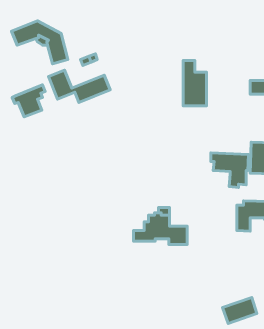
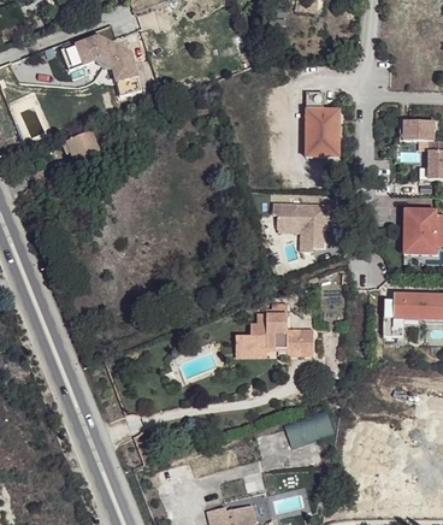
building: [49,70,110,103] -> none
building: [211,153,249,187] -> [273,202,327,252]
building: [222,298,257,324] -> [284,408,333,446]

